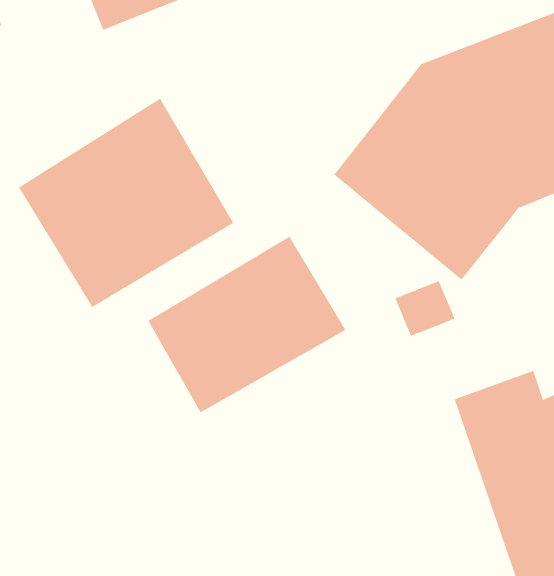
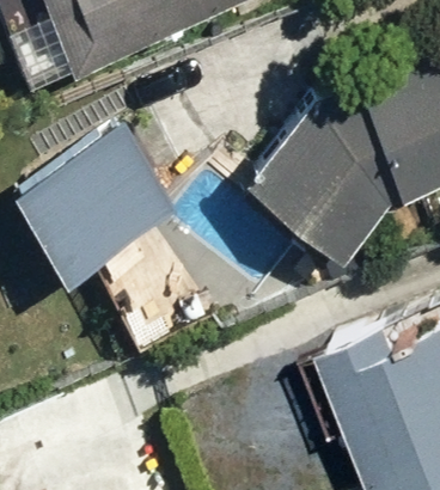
building: [148,236,346,413] -> none

